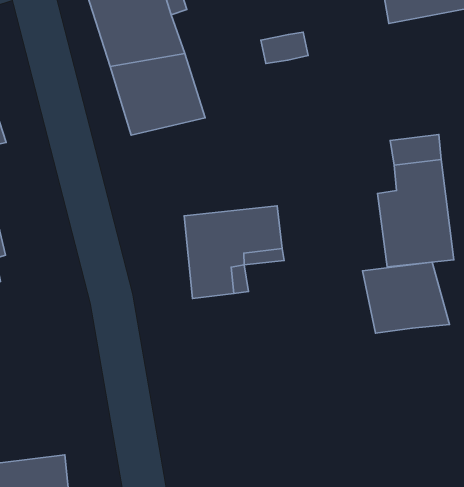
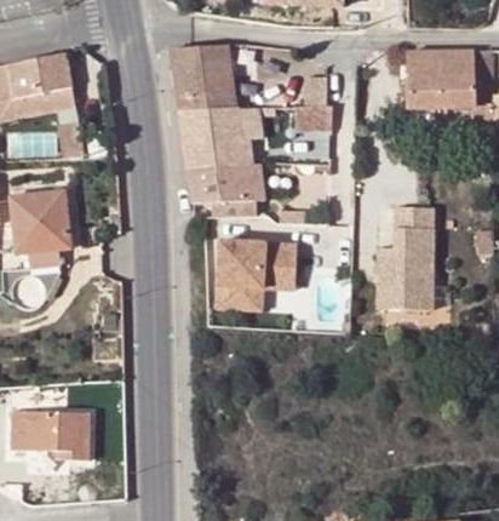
building: none -> [187,162,263,216]
building: [362,262,450,333] -> none

